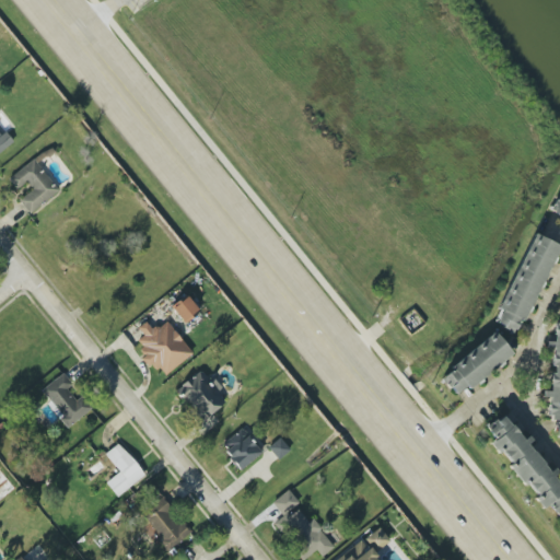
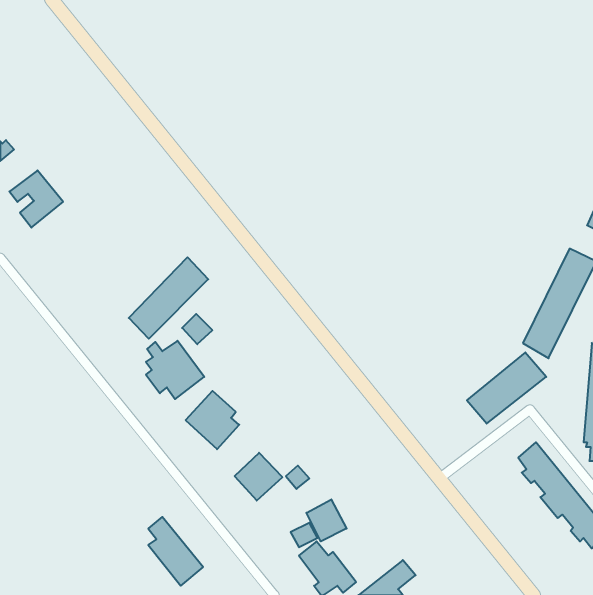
building: none -> [129,257,208,339]
building: [44,372,95,425] -> none
building: [108,442,147,495] -> none
building: none -> [306,499,347,541]

